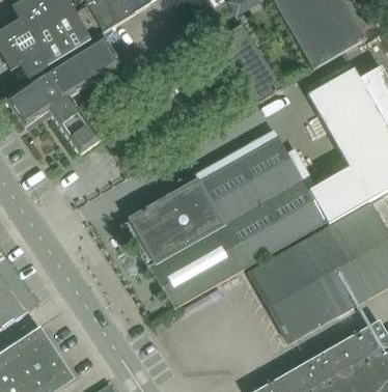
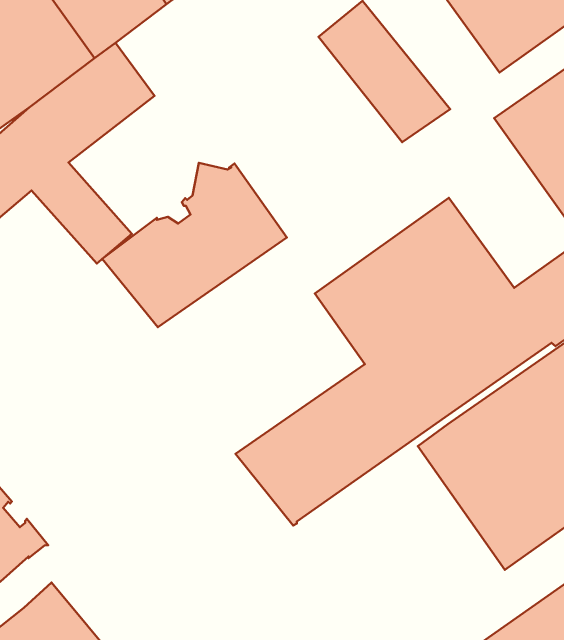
building: [119,177,222,265] -> [102,163,287,327]

